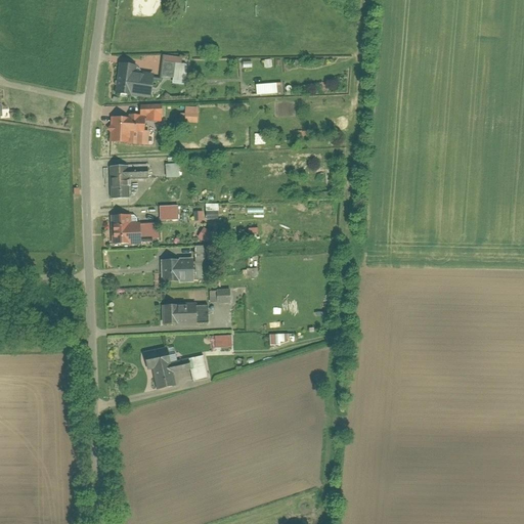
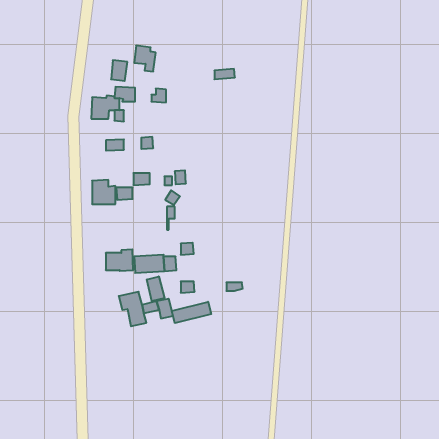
building: [116,62,136,96] -> none
building: [110,165,128,196] -> none
building: [161,256,193,281] -> [106,249,133,271]
building: none -> [147,276,164,301]
building: none -> [172,302,211,323]

